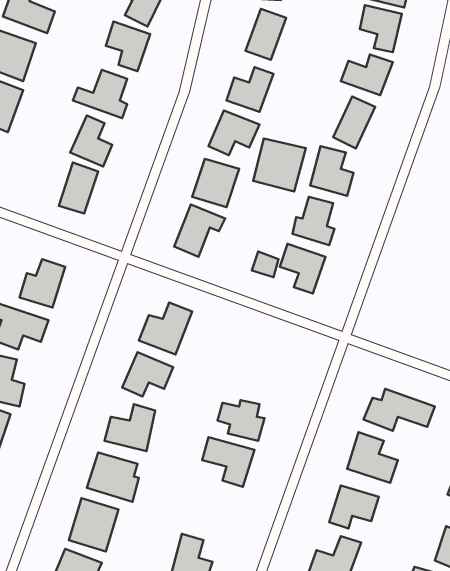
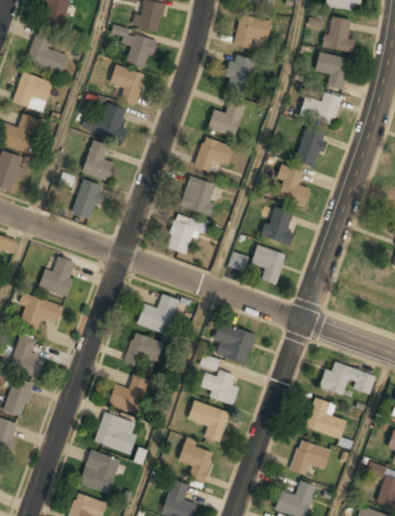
building: [253,139,306,191] -> none
building: none -> [210,322,256,365]
building: none -> [178,438,213,482]

